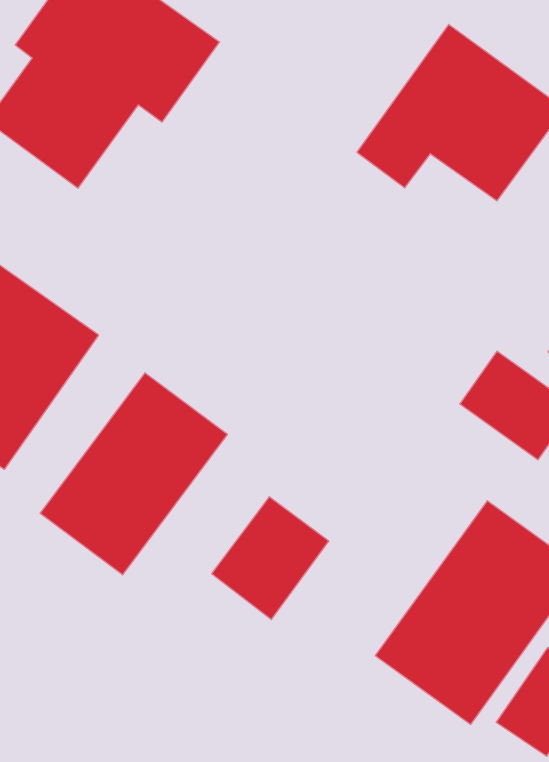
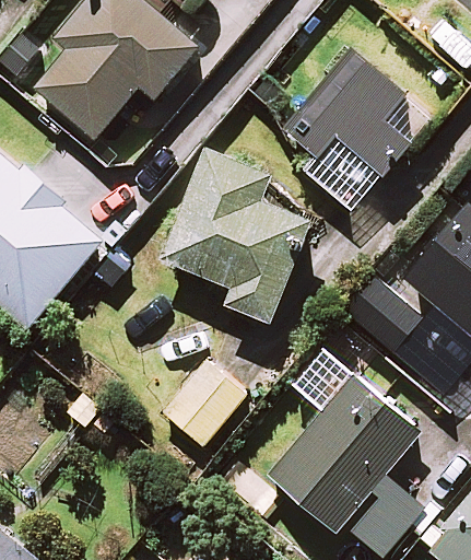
building: none -> [161,150,311,322]
building: [40,373,227,575] -> none

